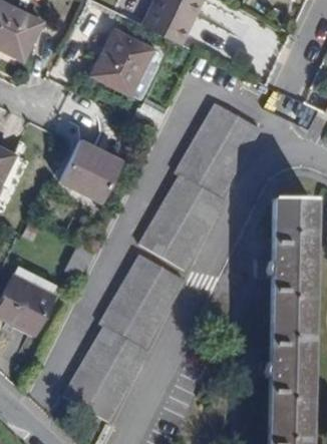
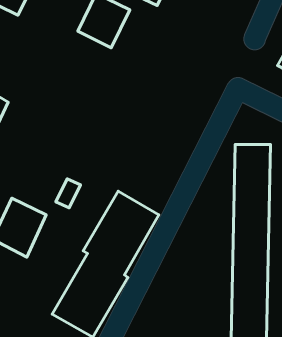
building: [141,103,264,271] -> none
building: [60,139,121,199] -> none

